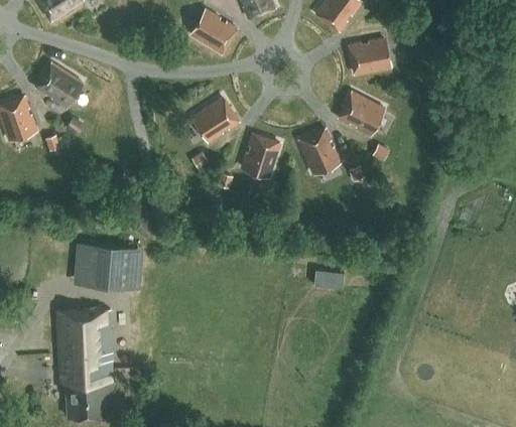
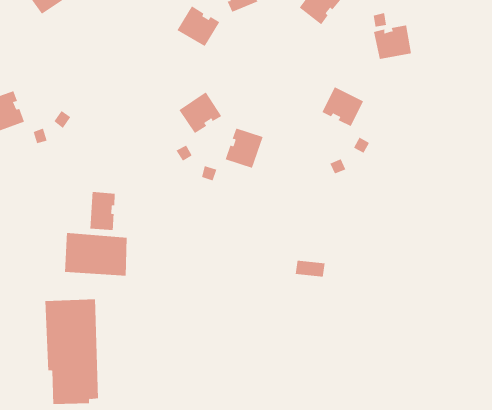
building: [350,38,389,74] -> [373,25,412,60]
building: [36,63,82,107] -> none
building: [299,130,340,173] -> none
building: none -> [90,191,115,231]

